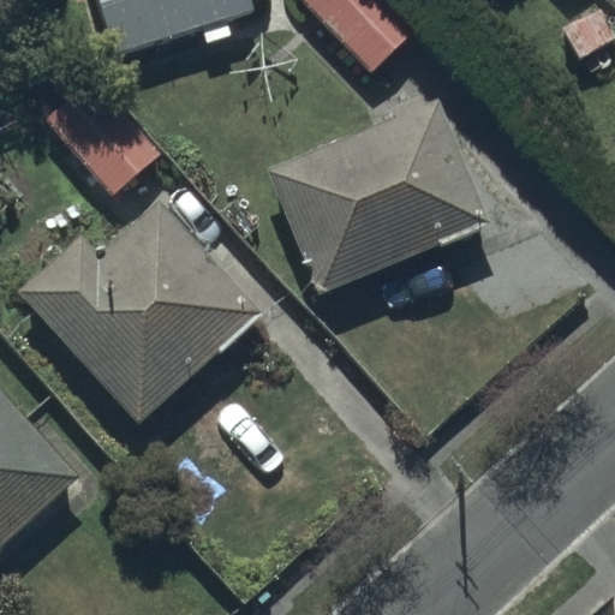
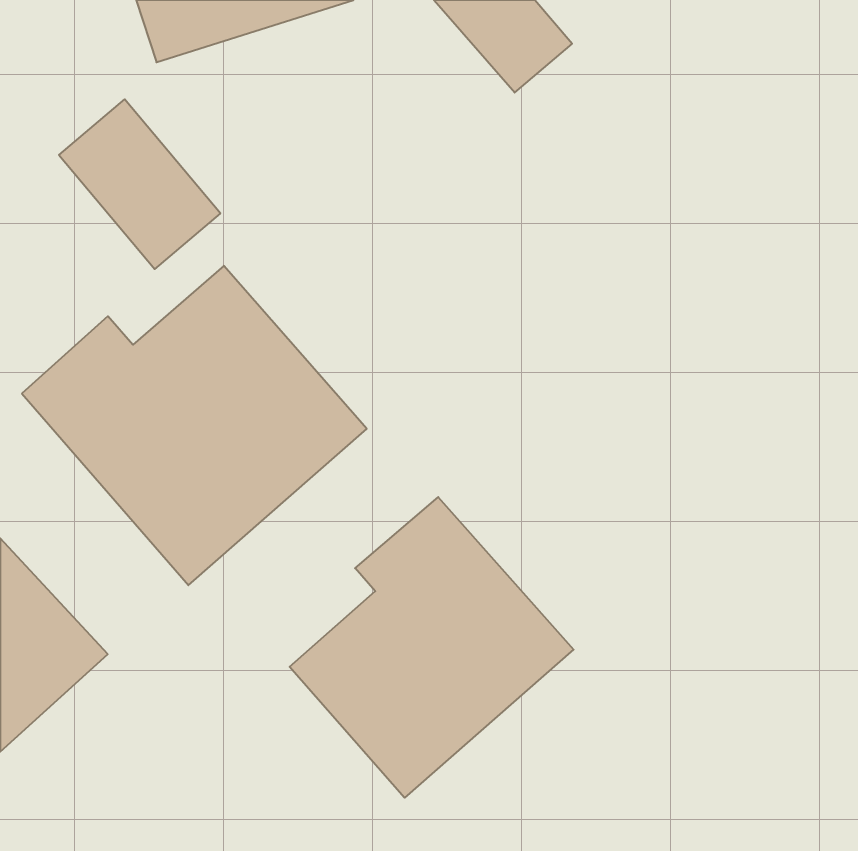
building: [263,90,488,293] -> none
building: none -> [290,497,574,798]

